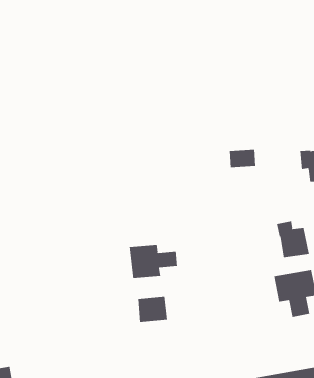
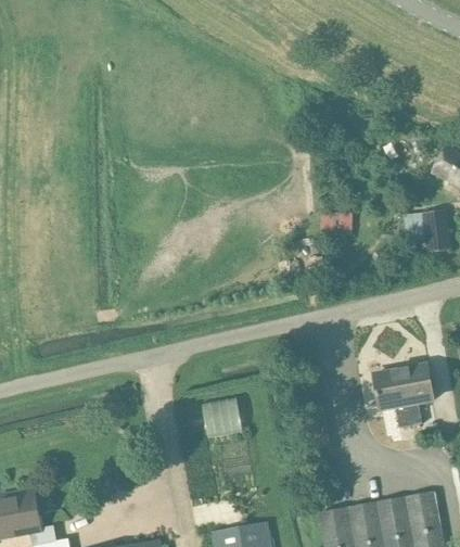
building: [277,221,309,258] -> none
building: [129,244,178,279] -> none

